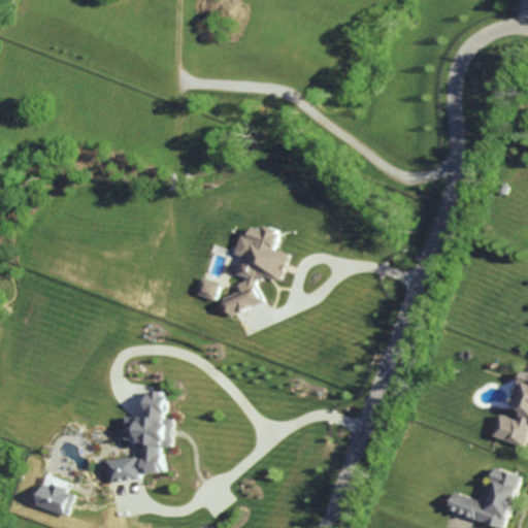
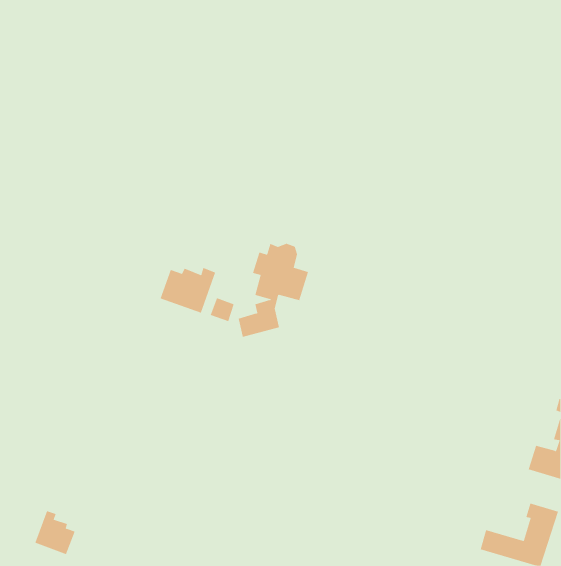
building: none -> [160,267,216,313]
building: [105,391,171,482] -> none

